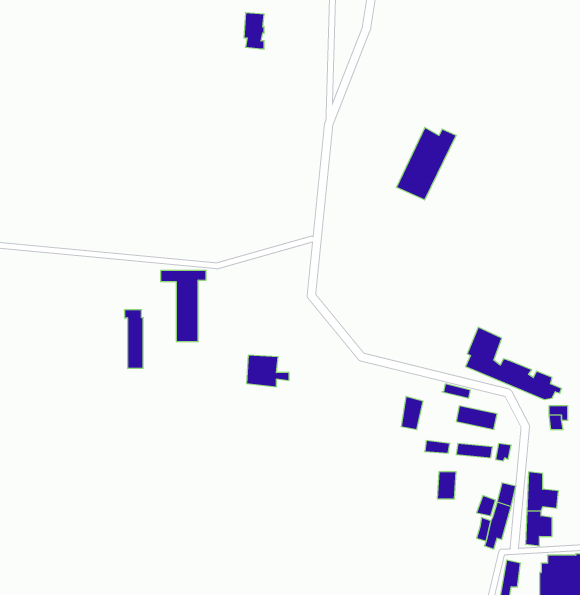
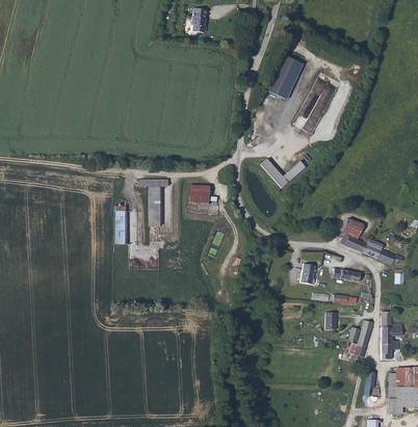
building: none -> [266,55,303,101]
building: none -> [261,159,306,188]
building: [247,355,289,387] -> [189,185,217,206]

